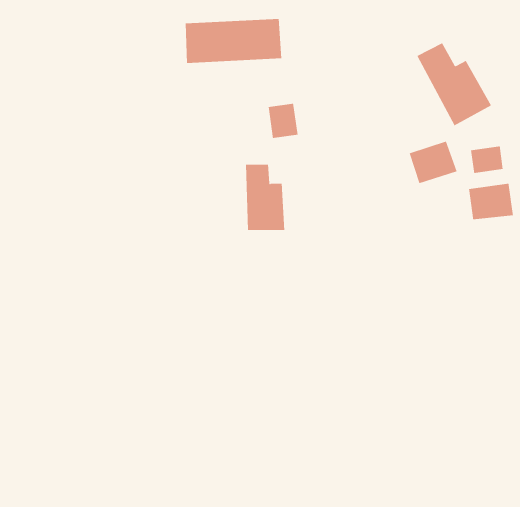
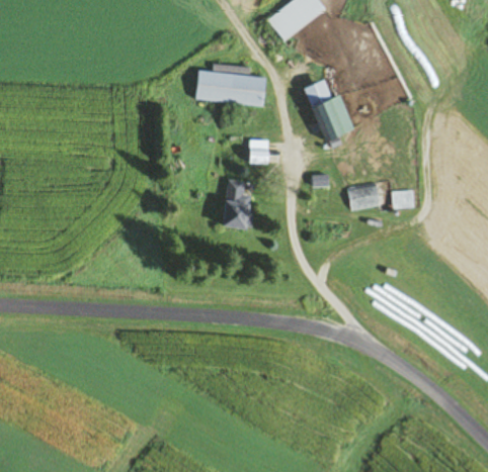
building: [416,42,492,126] -> [306,81,355,143]
building: [469,183,514,220] -> none

